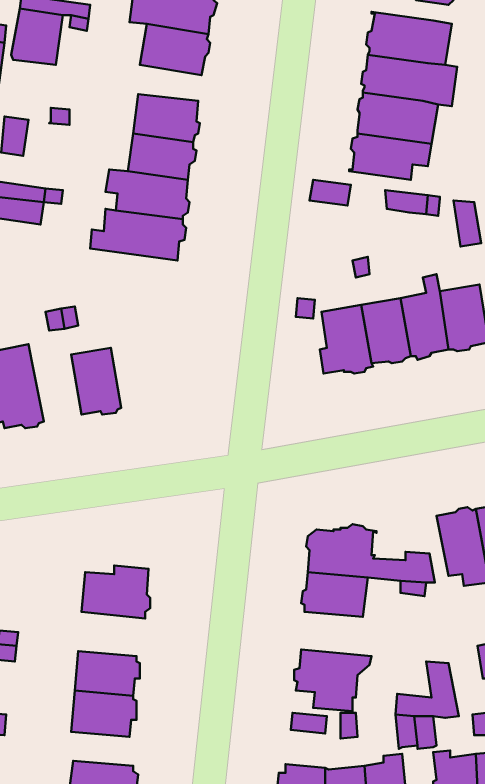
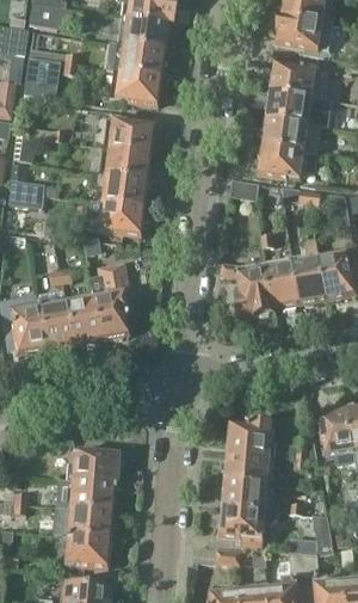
building: none -> [88,272,128,338]
building: none -> [35,289,72,349]
building: none -> [57,479,116,511]
building: none -> [222,480,273,511]

